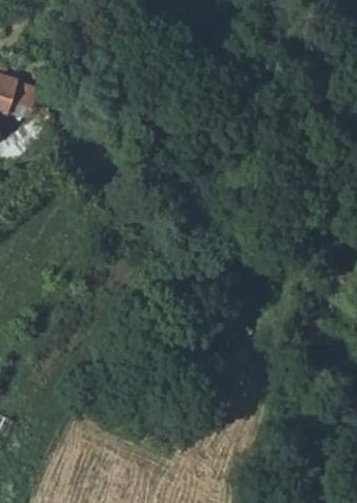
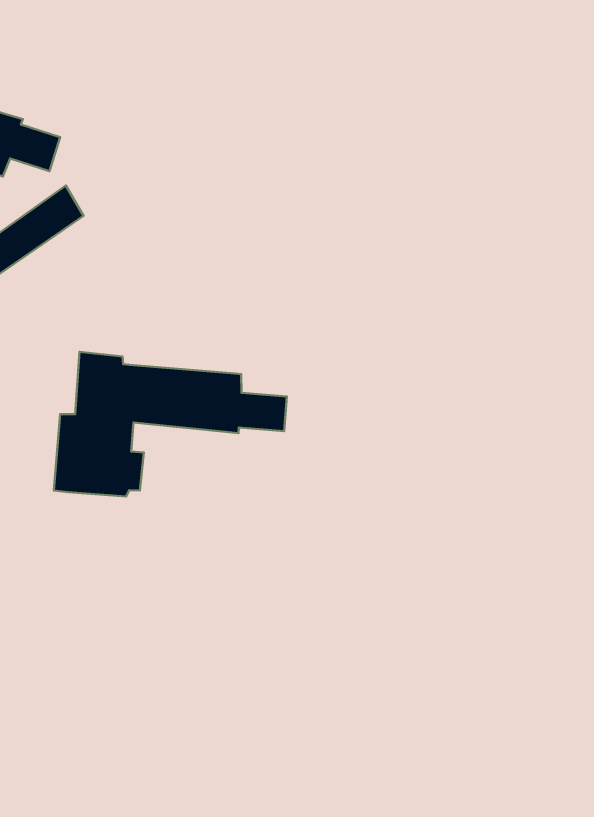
building: none -> [54,352,287,497]

